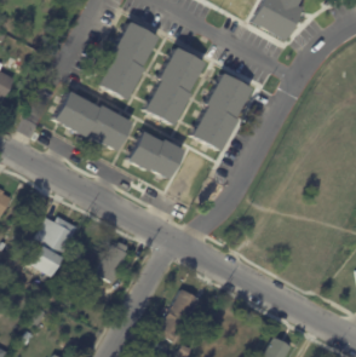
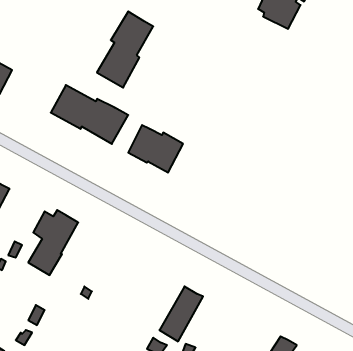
building: [144,50,201,125] -> none
building: [191,75,247,151] -> none
building: [98,240,132,281] -> none

